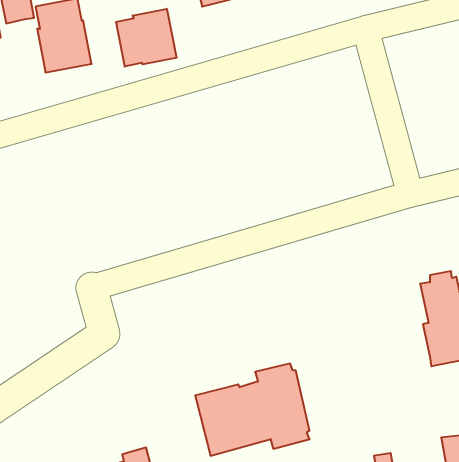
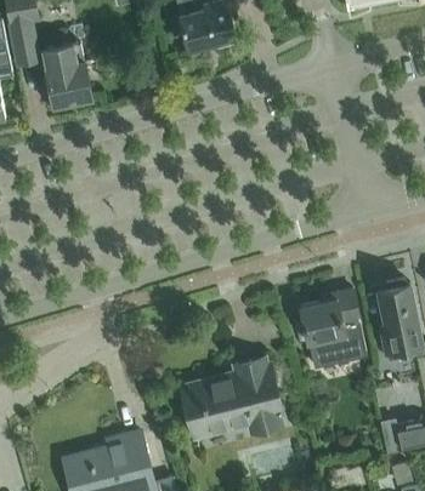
building: [116,9,177,67] -> none
building: none -> [300,290,365,366]

